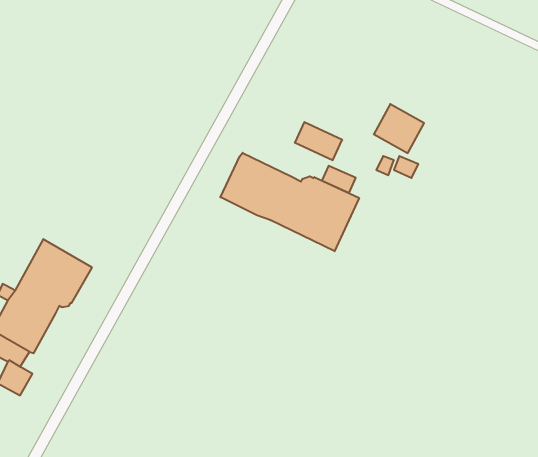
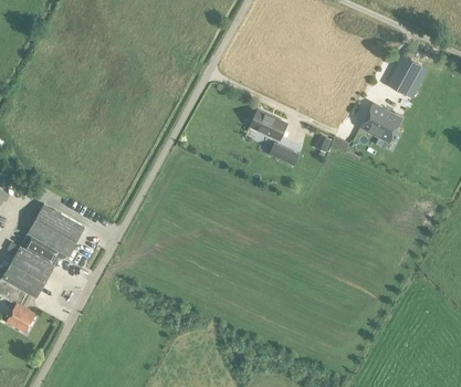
building: none -> [387,55,427,96]
building: [374,104,424,153] -> [360,102,401,142]
building: [220,153,359,251] -> none

